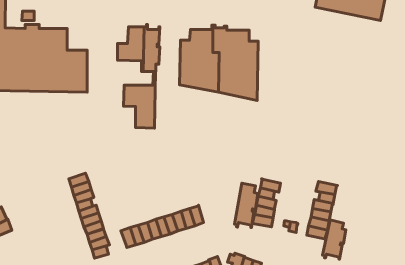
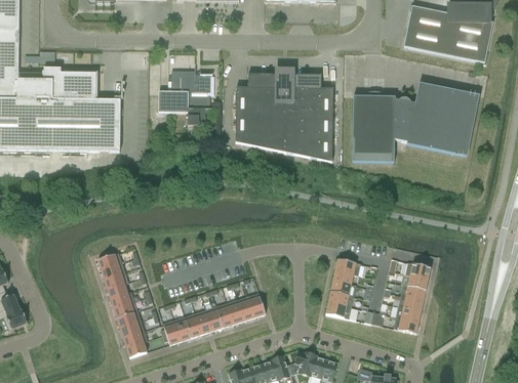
building: none -> [352,82,476,161]
building: [123,72,155,128] -> none
building: [234,183,258,228] -> none
building: [322,220,346,259] -> none

